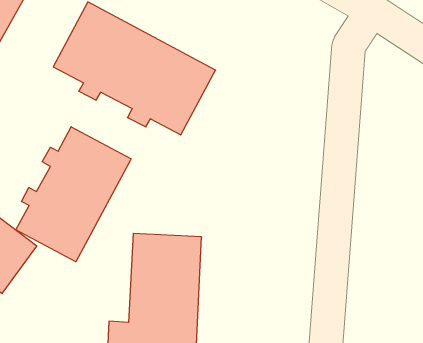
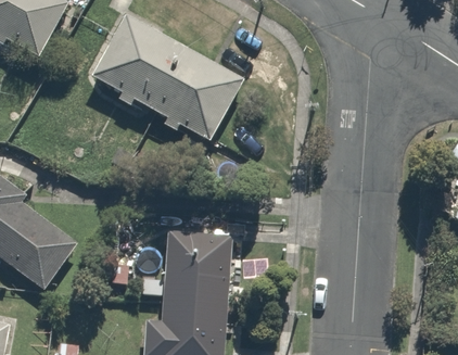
building: [16,127,131,262] -> none

